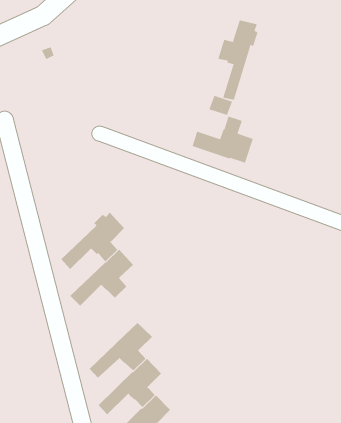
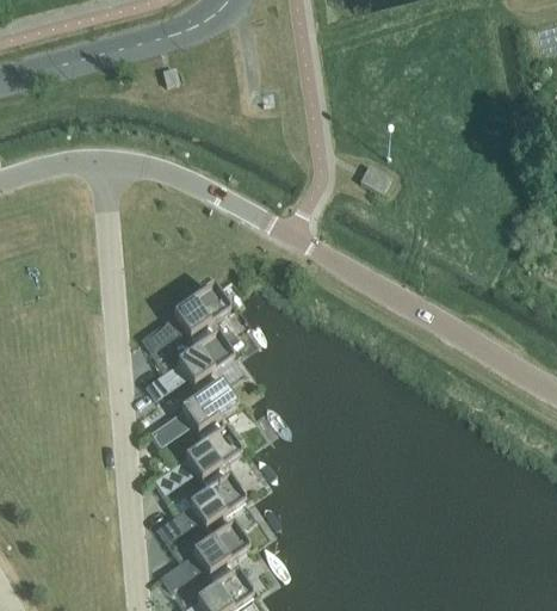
building: [218,19,258,101] -> none
building: [192,116,254,164] -> none
building: none -> [149,384,235,449]

